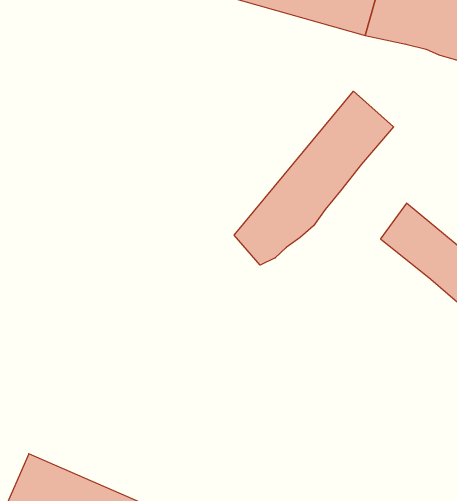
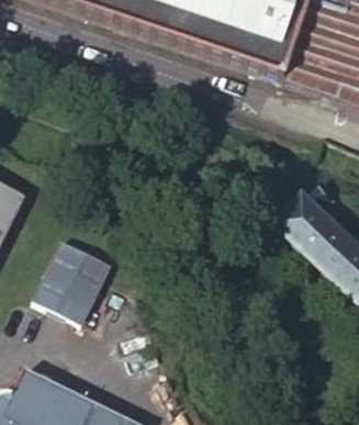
building: [234,91,394,265] -> none
building: none -> [33,238,112,323]

